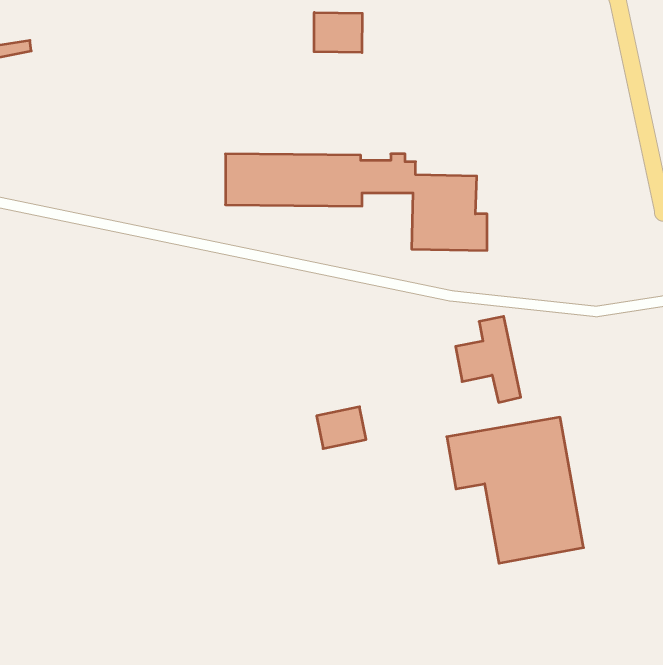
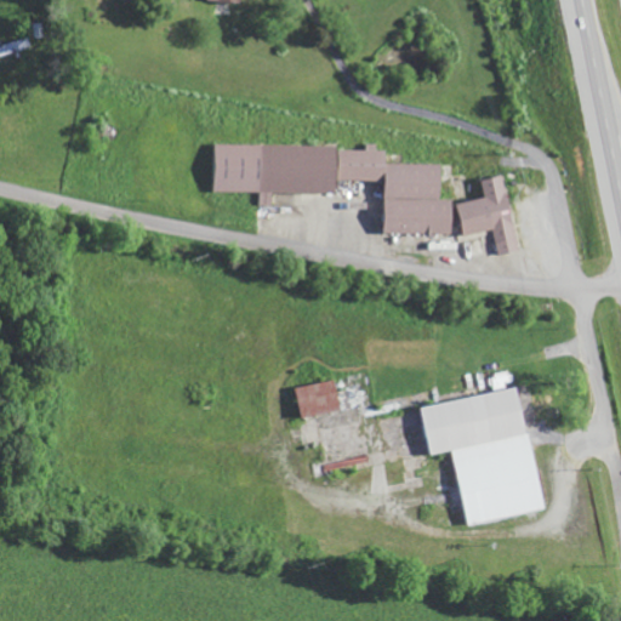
building: [314,12,362,53] -> none
building: [456,316,521,402] -> [458,175,519,255]

